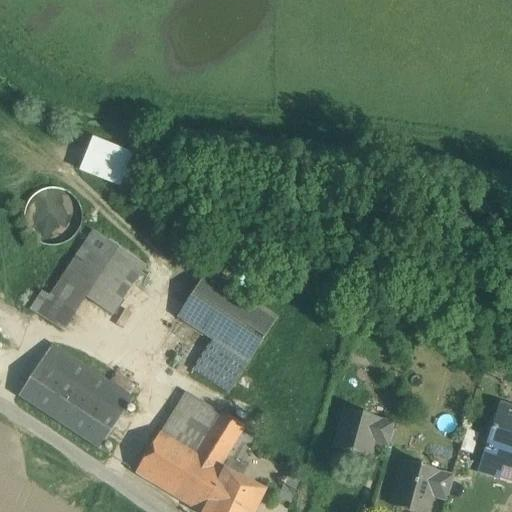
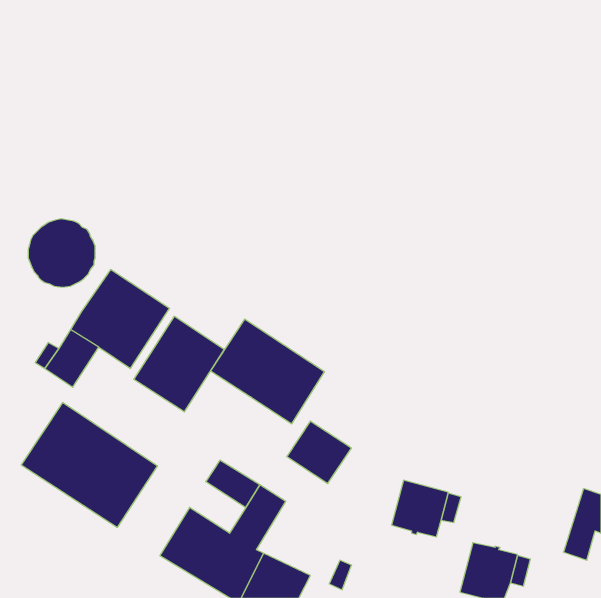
building: [79,136,132,182] -> none
building: none -> [134,316,224,412]
building: [193,337,248,390] -> [287,421,351,484]
building: [161,409,209,453] -> none

